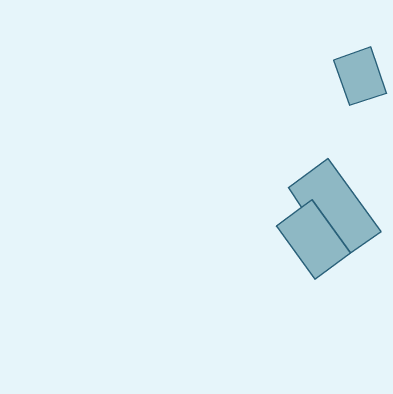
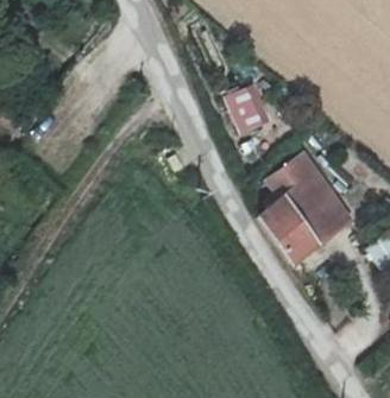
building: [334,47,387,105] -> [226,82,273,134]

